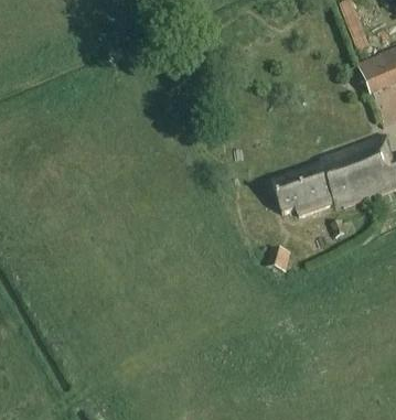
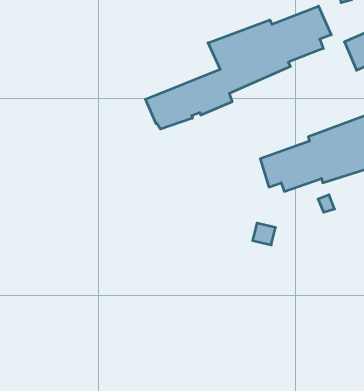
building: none -> [145,6,331,129]

